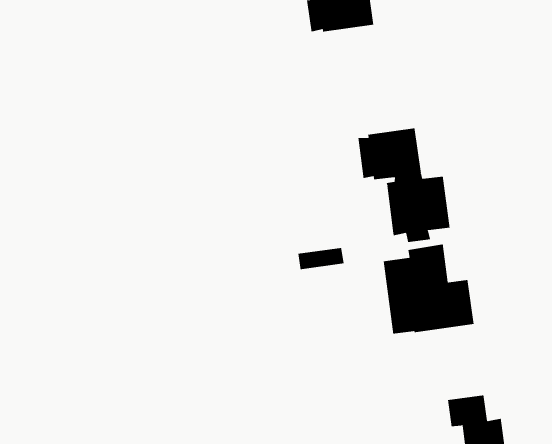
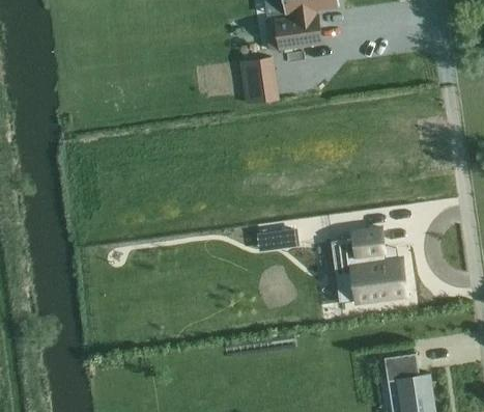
building: none -> [239,56,278,106]
building: [358,128,450,243] -> none

